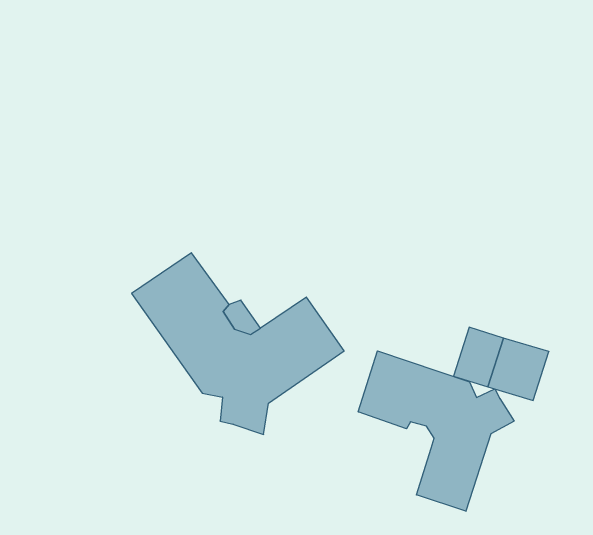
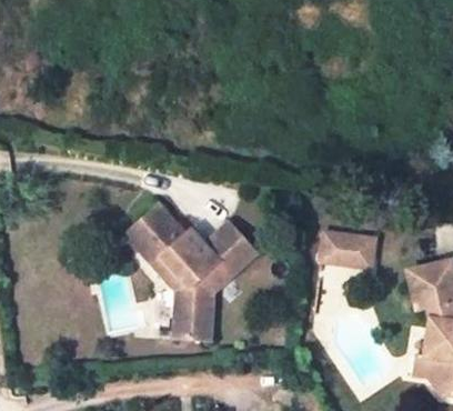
building: [358,351,514,511] -> none
building: none -> [171,302,209,339]

